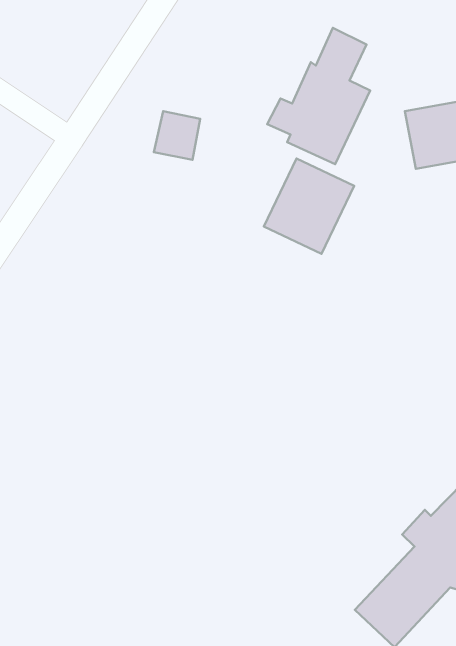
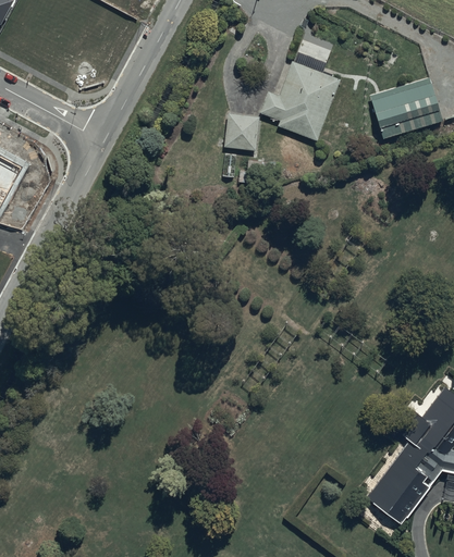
building: [154,111,200,160] -> [223,114,258,151]
building: [264,159,354,254] -> none

